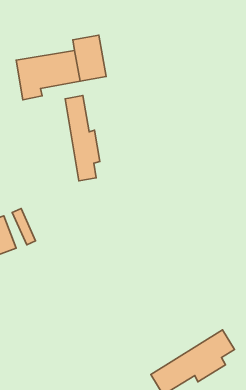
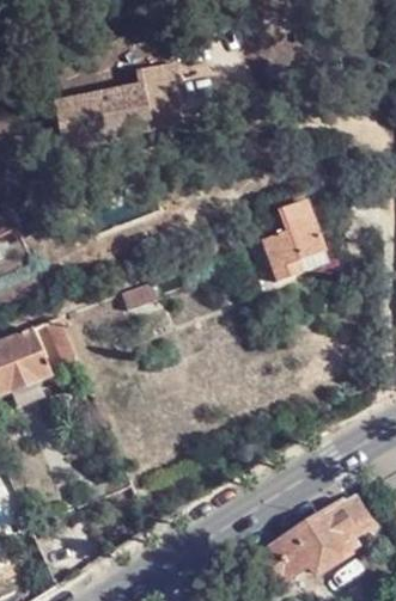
building: [65,96,100,181] -> none
building: none -> [263,198,324,278]

